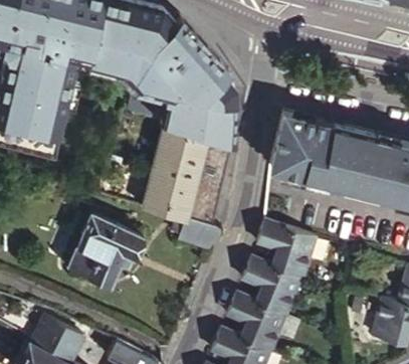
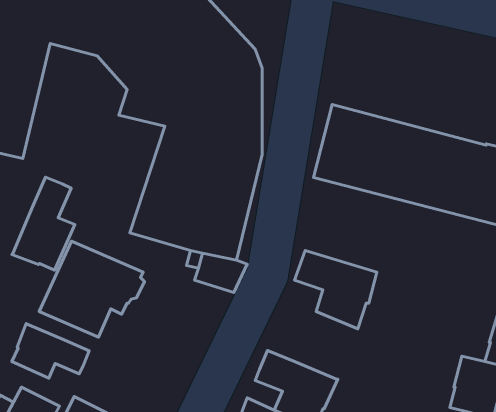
building: none -> [12,177,75,270]
building: [242,256,303,316] -> none
building: none -> [12,323,89,378]

